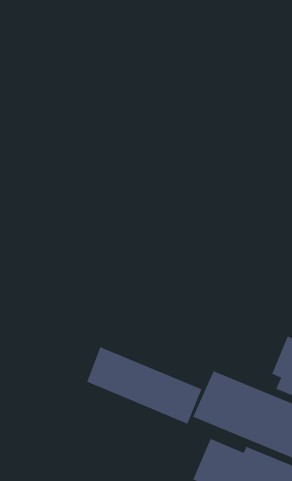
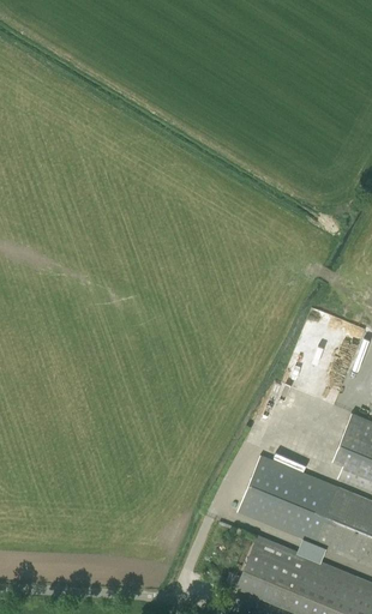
building: [86,346,203,425] -> none

